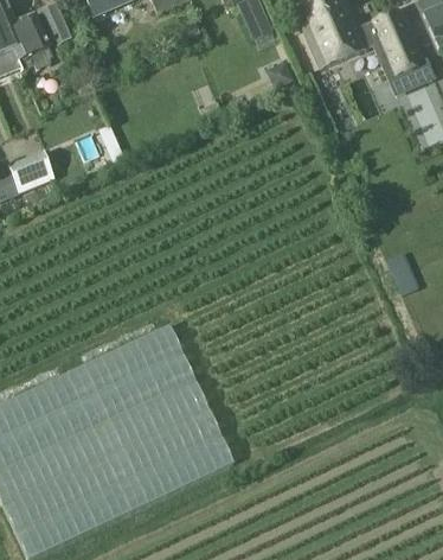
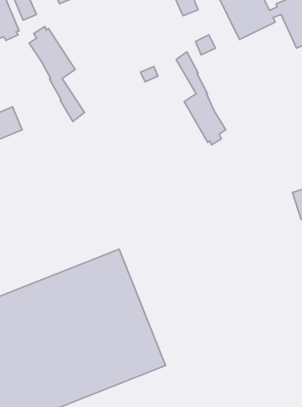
building: none -> [29,26,84,121]
building: none -> [176,52,226,145]

